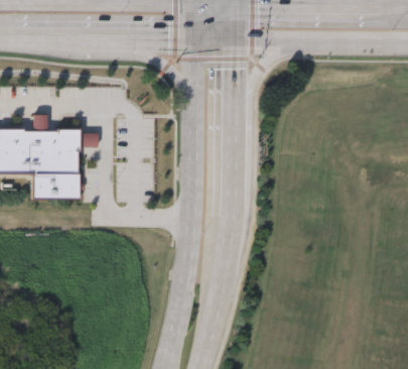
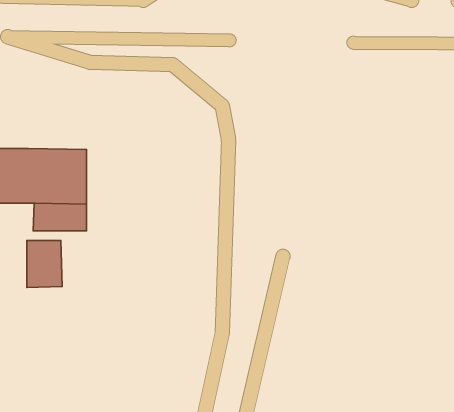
building: none -> [27,240,62,287]

